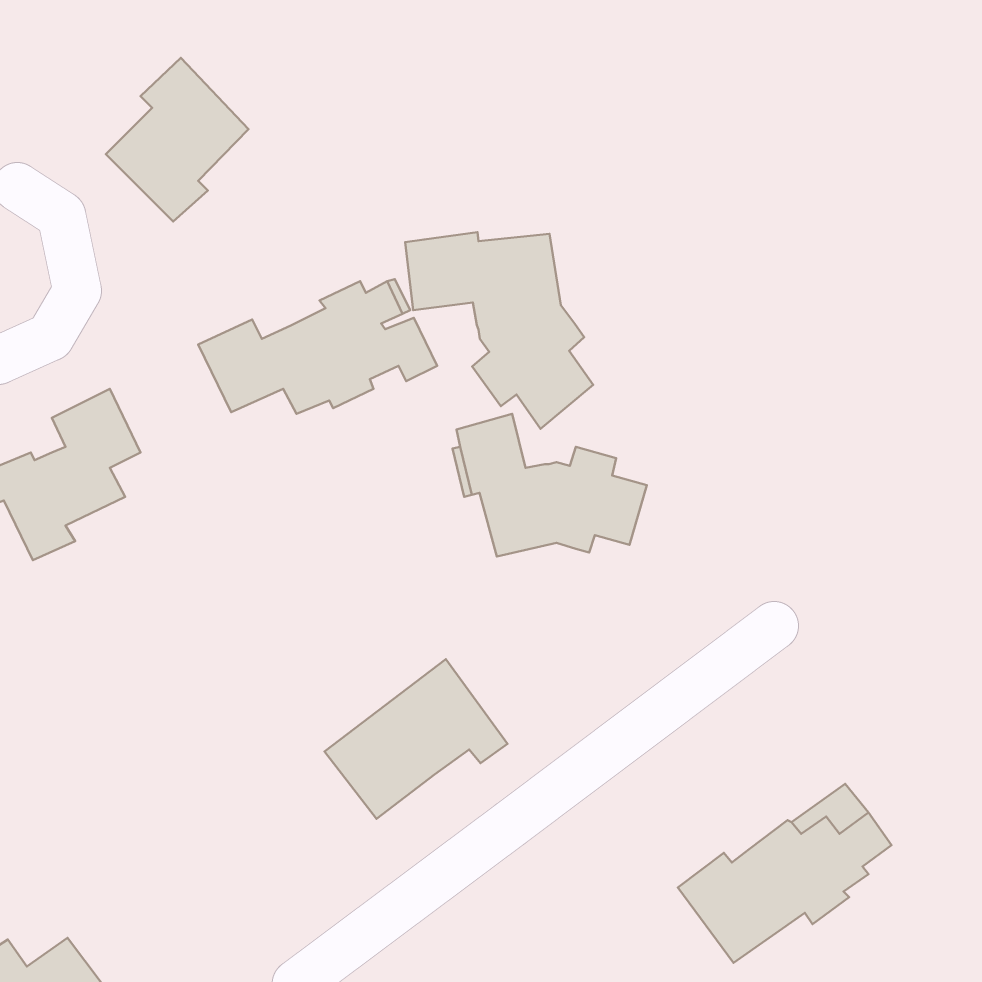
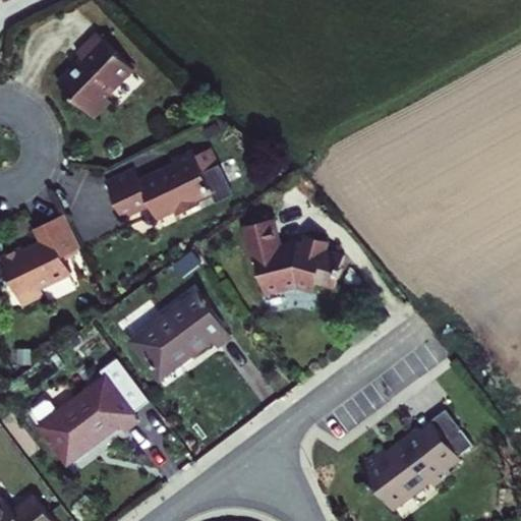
building: [405,232,593,429] -> none
building: [325,659,508,819] -> [132,293,229,378]
building: none -> [40,365,149,463]

